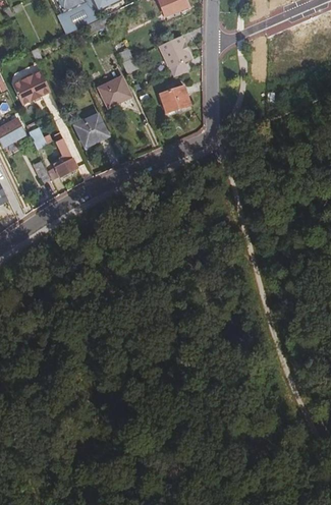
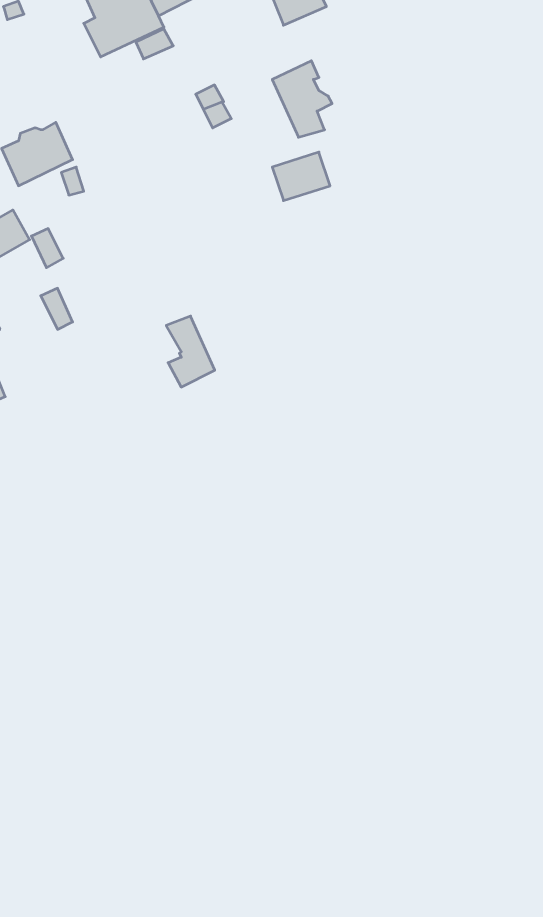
building: [98,76,131,108] -> none
building: [73,113,109,147] -> none
building: [51,137,77,176] -> [166,316,215,387]

